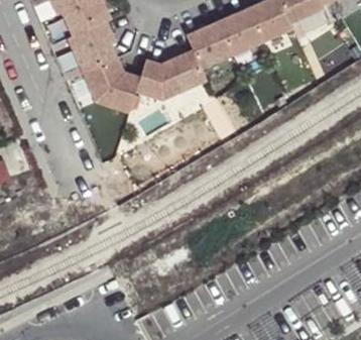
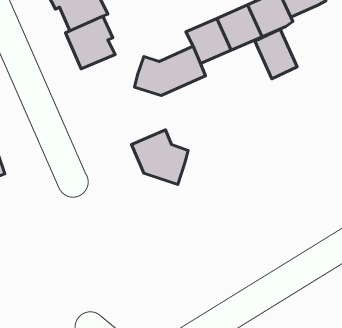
building: none -> [255,29,297,79]
building: [88,60,143,113] -> [131,130,188,185]

